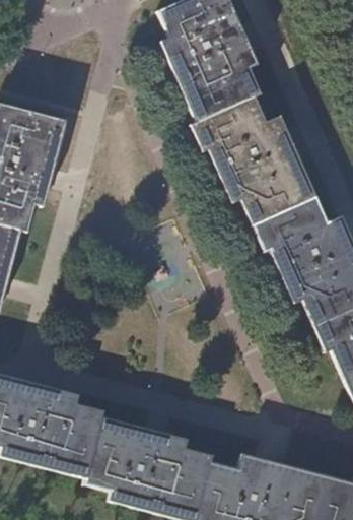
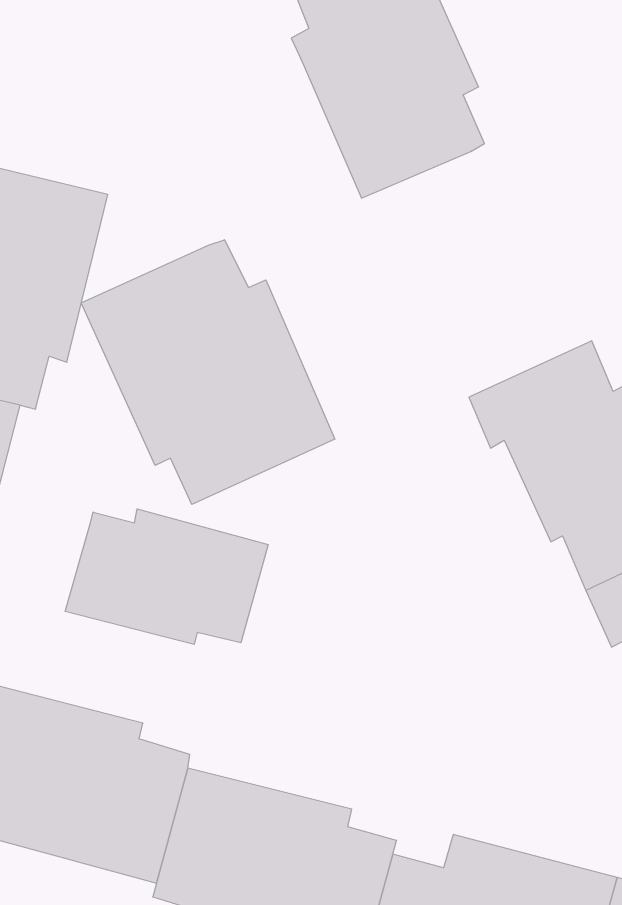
building: [191,98,316,225] -> none
building: none -> [81,240,335,504]
building: none -> [65,509,268,644]

